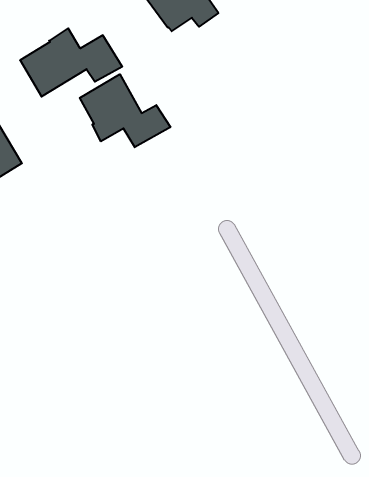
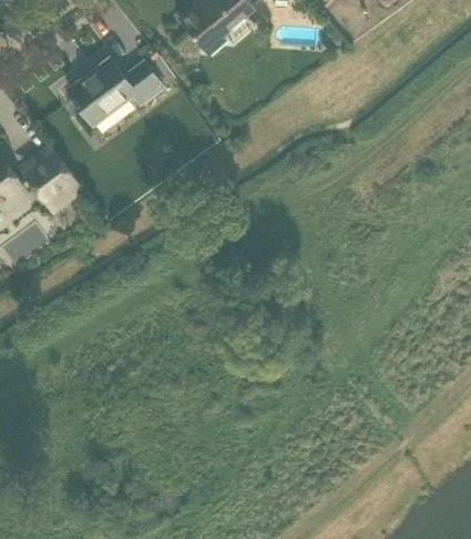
building: [80,74,170,147] -> none

